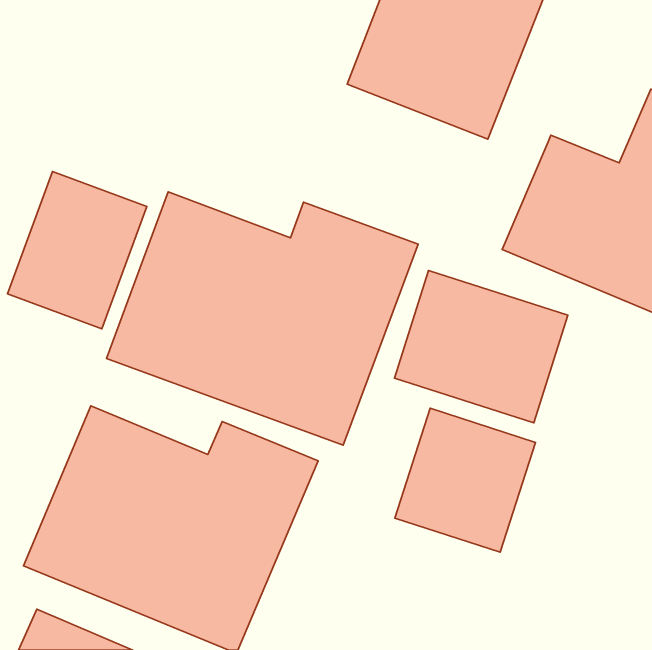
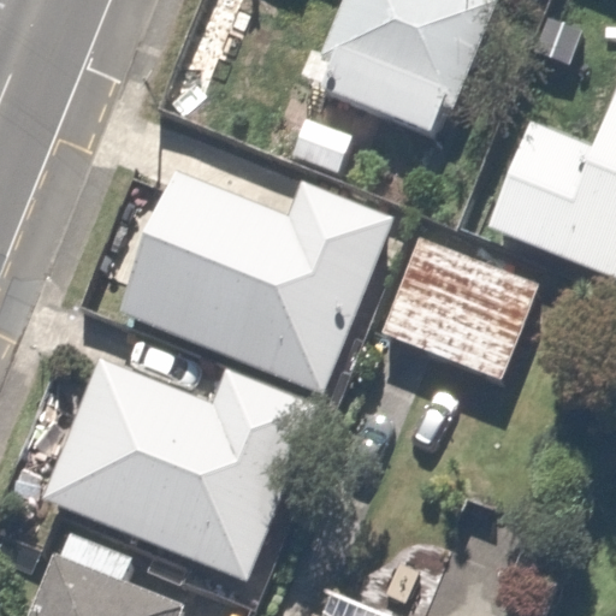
building: [7,171,147,329] -> none
building: [395,408,536,552] -> none

